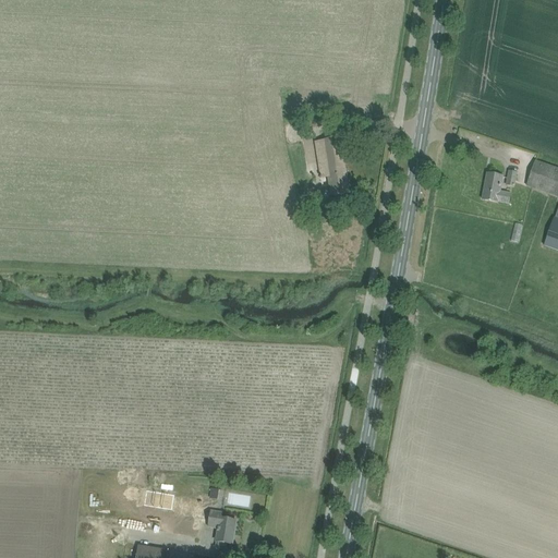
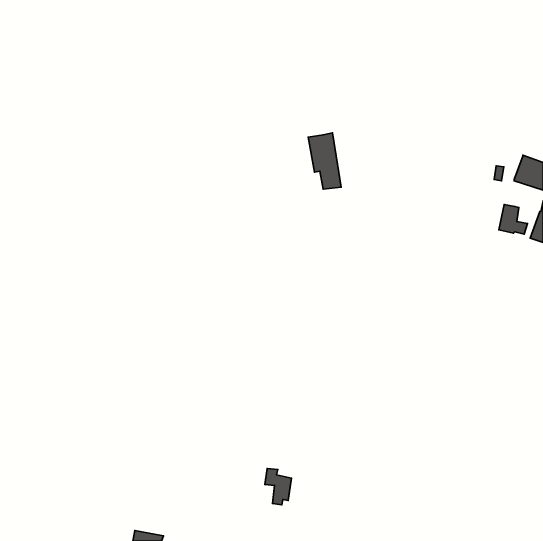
building: [482,172,511,203] -> [499,204,527,234]
building: [208,510,235,547] -> [265,469,291,505]

